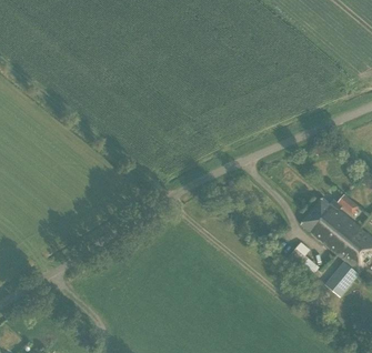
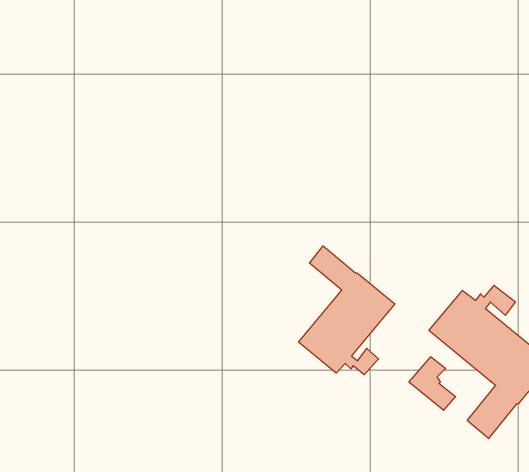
building: none -> [298,246,395,375]

